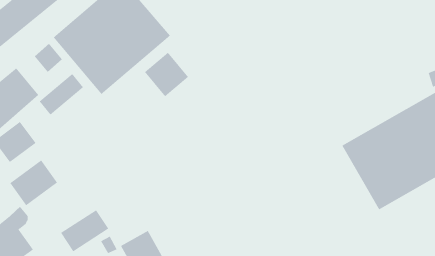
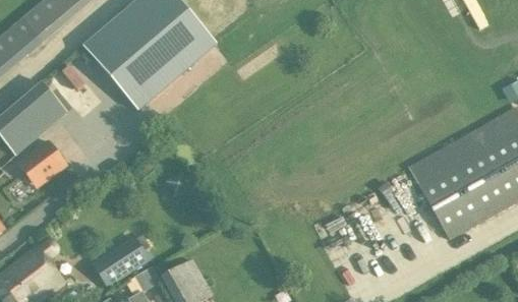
building: [144,52,189,97] -> none
building: [39,73,84,116] -> none
building: [9,160,58,206] -> none

